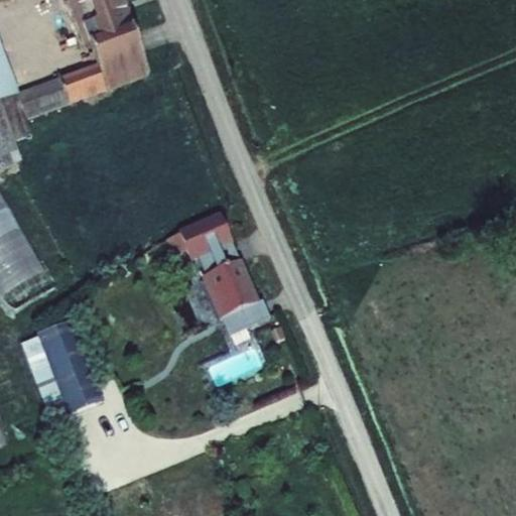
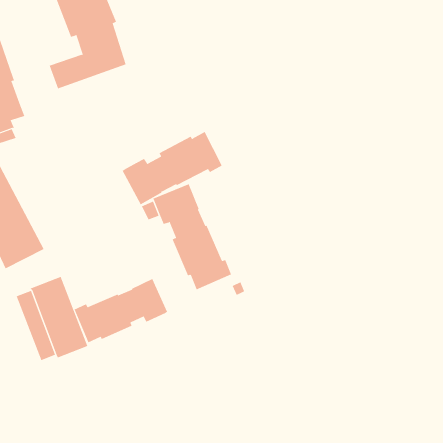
building: [14,76,67,119] -> none
building: none -> [122,131,223,205]
building: none -> [74,278,168,343]

